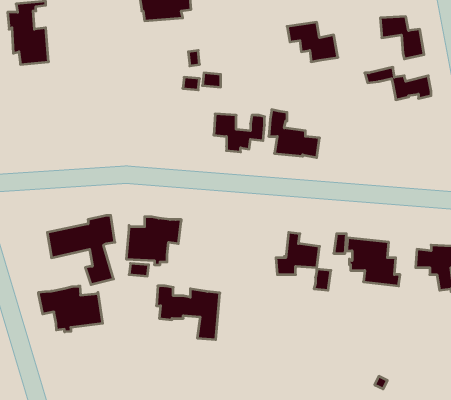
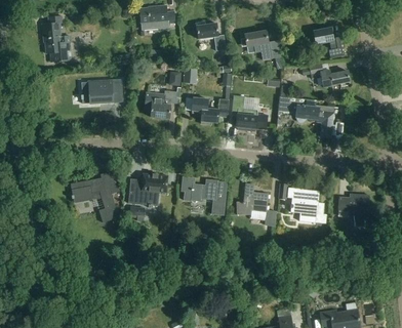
building: none -> [197,20,226,50]
building: none -> [81,79,123,104]
building: none -> [146,90,177,118]
building: none -> [278,95,334,137]
building: [39,286,103,332] -> none
building: [156,286,220,340] -> [182,176,228,215]

